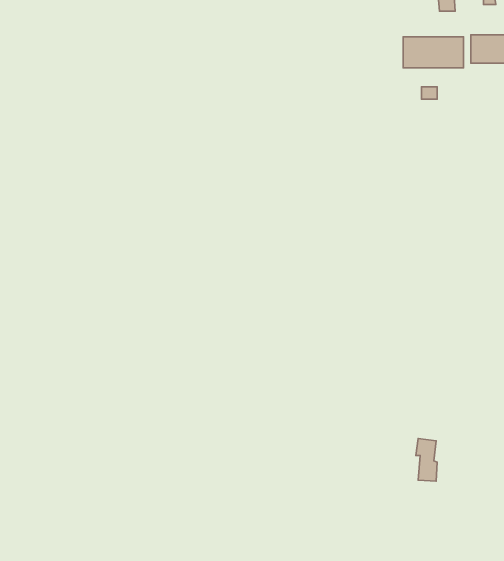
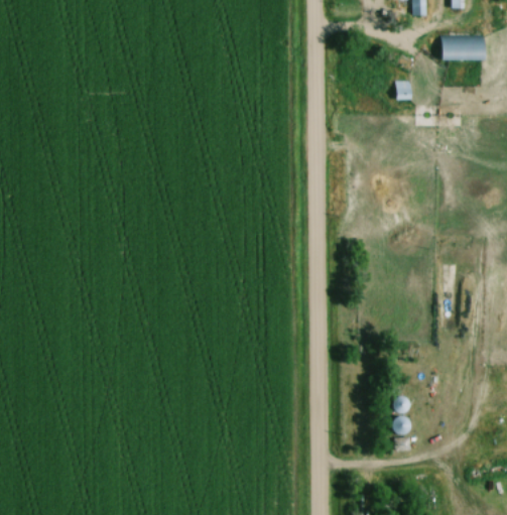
building: [403,37,464,68] -> none

